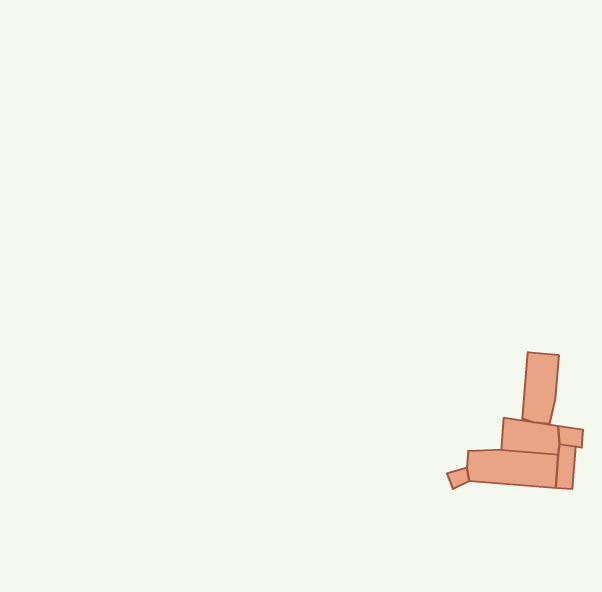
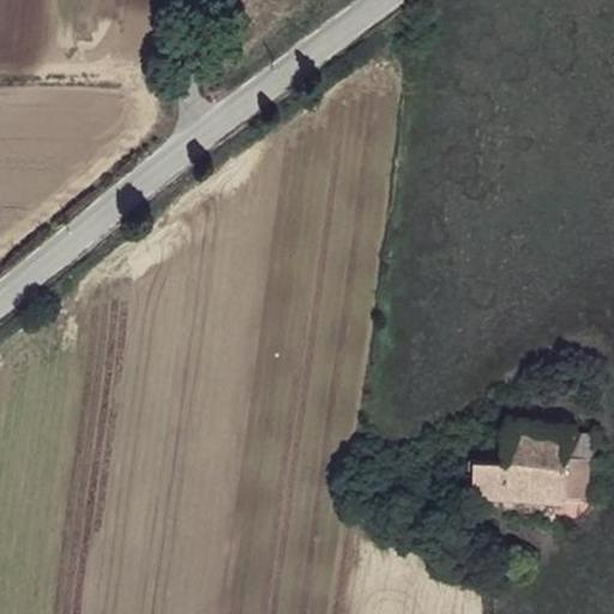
building: [522,352,559,424] -> none

